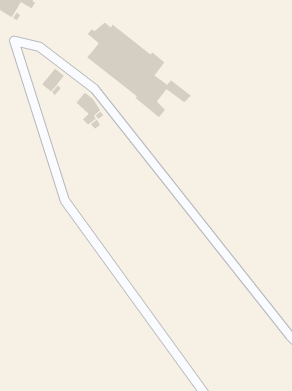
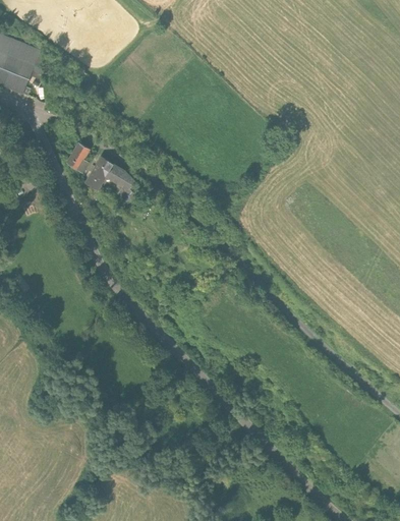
building: [86,22,192,118] -> none
building: none -> [83,155,114,190]

